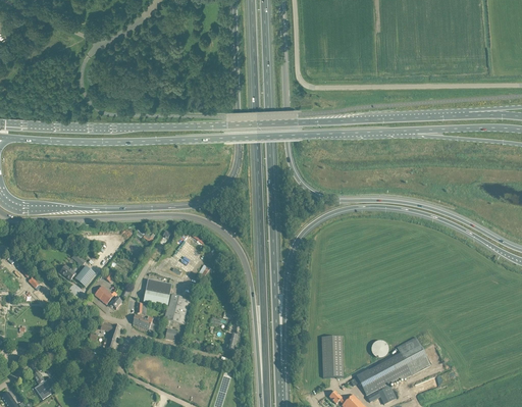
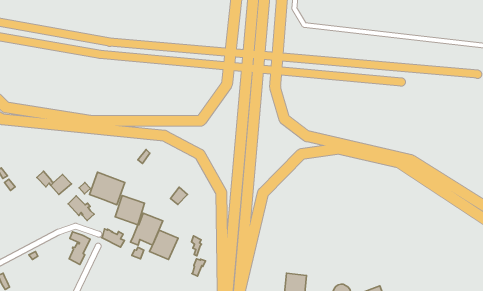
building: none -> [90,172,125,205]
building: none -> [150,230,178,259]

